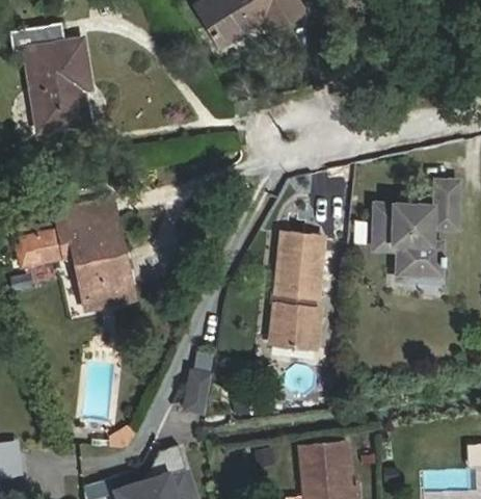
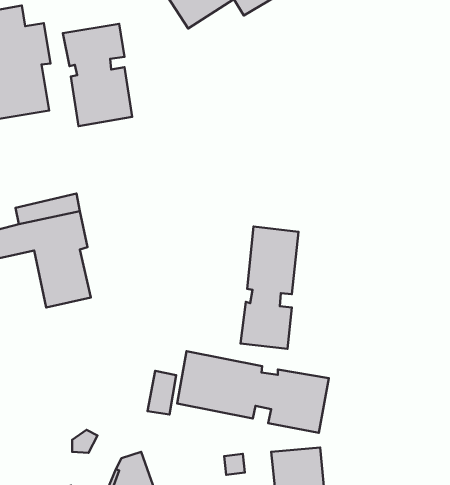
building: none -> [63,24,132,126]
building: [375,180,457,274] -> none
building: none -> [177,351,329,433]

